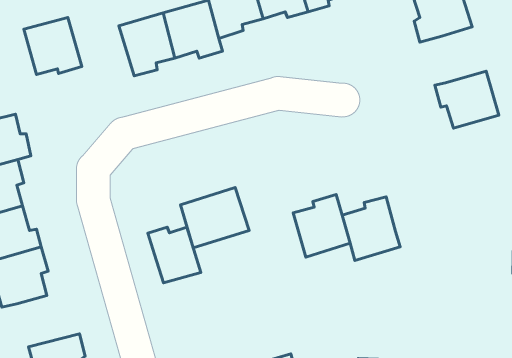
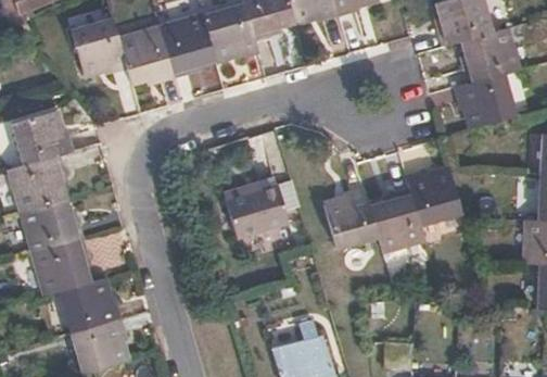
building: none -> [460,27,516,83]
building: none -> [118,29,175,84]
building: none -> [406,167,461,222]
building: [148,227,201,283] -> none
building: none -> [65,277,124,329]

